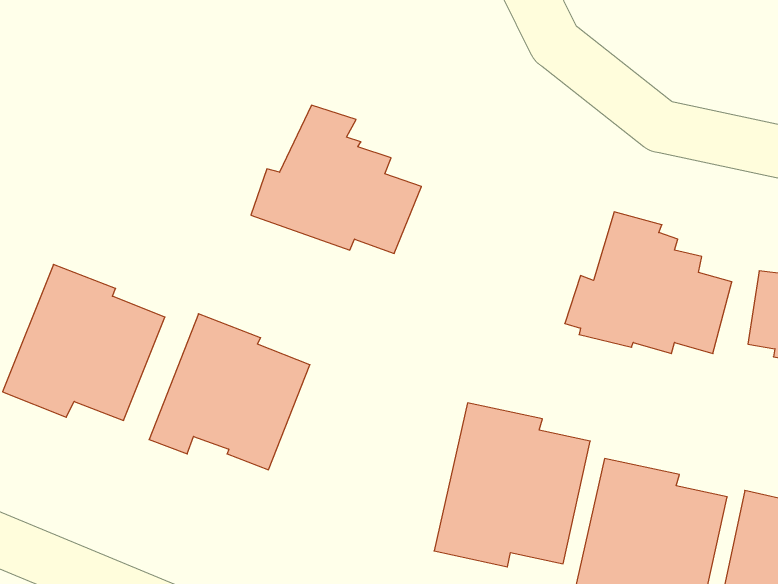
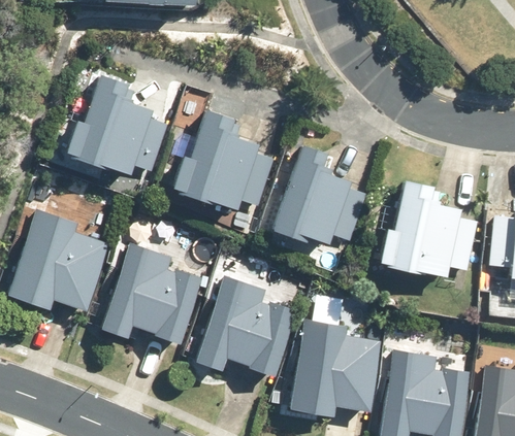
building: none -> [62,76,171,172]
building: none -> [265,145,369,240]
building: none -> [188,288,287,389]

